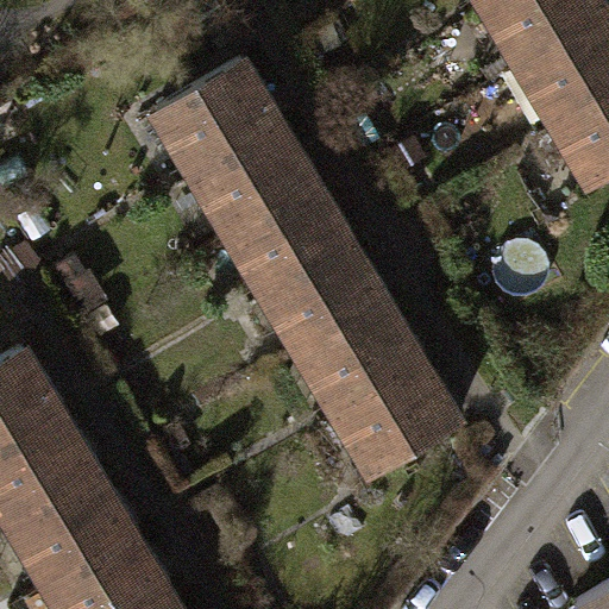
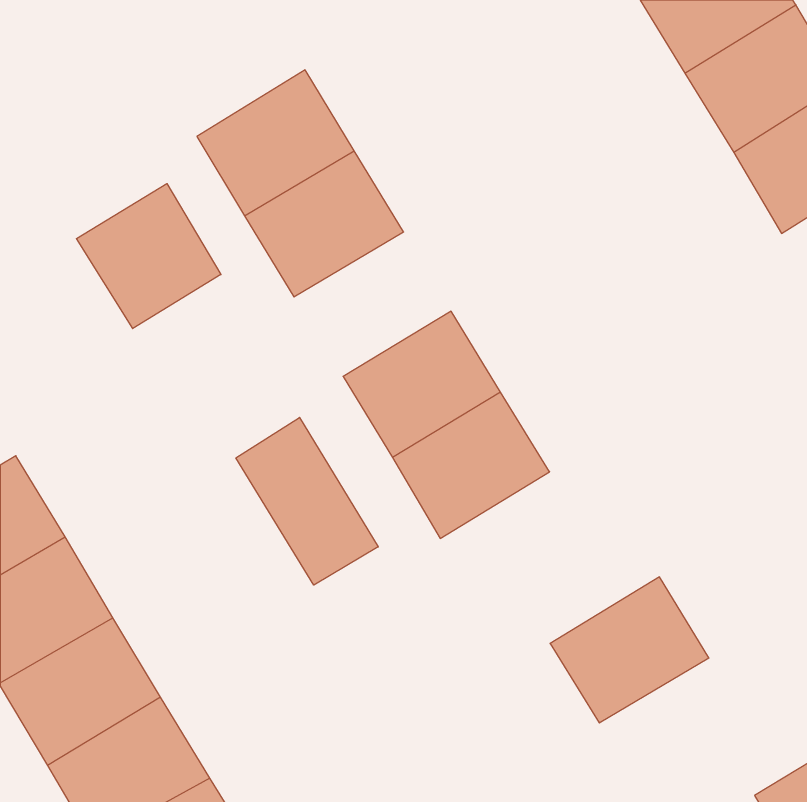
building: none -> [76,184,221,329]
building: [224,181,341,289] -> none
building: none -> [236,417,378,585]
building: [333,360,452,470] -> [550,577,709,723]

